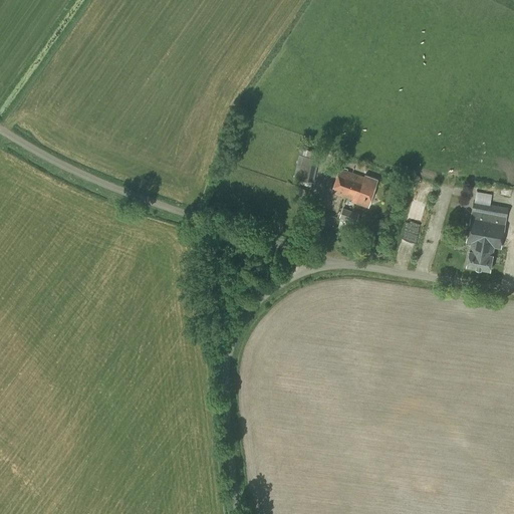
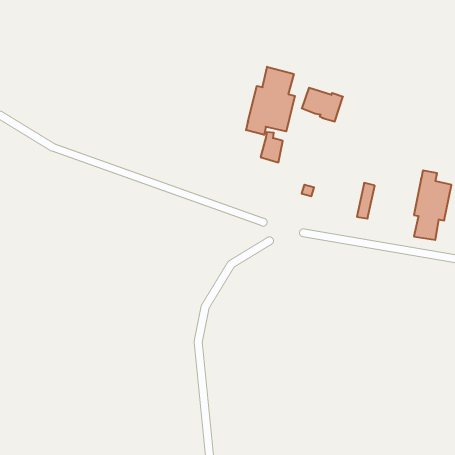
building: none -> [246,67,295,135]
building: [332,170,378,208] -> [302,88,343,122]

